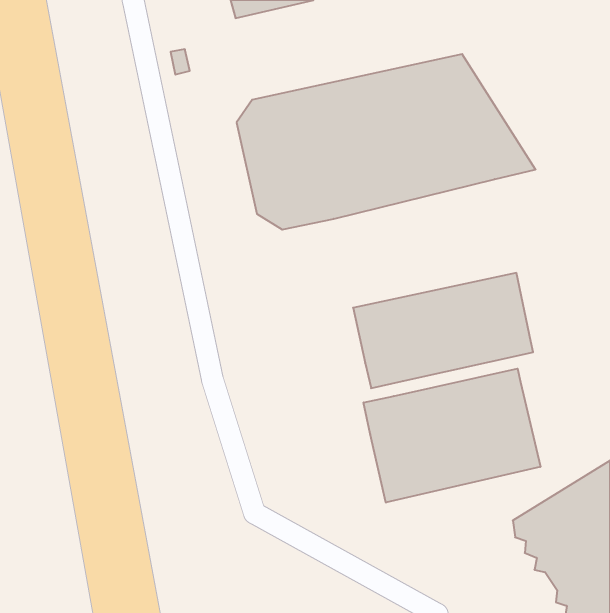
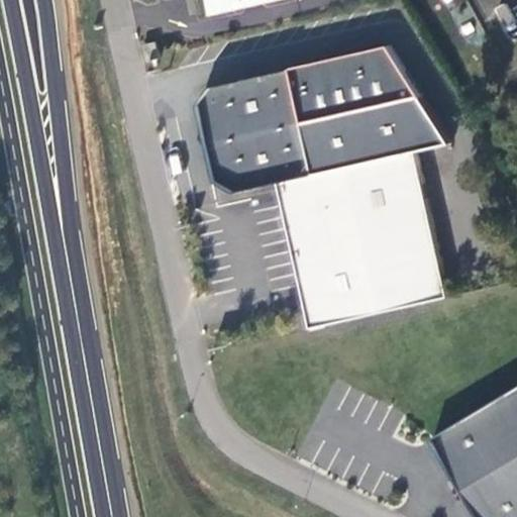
building: none -> [281,151,434,260]
building: [364,369,540,503] -> none

